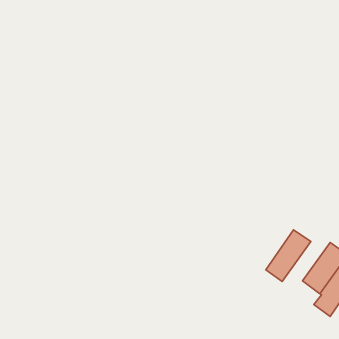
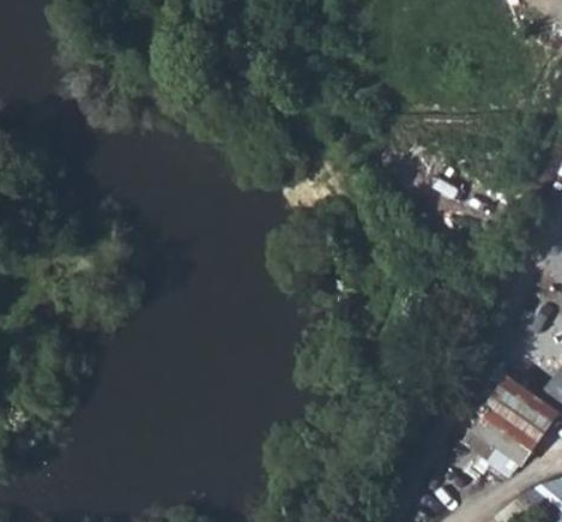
building: [266,230,311,282] -> none

